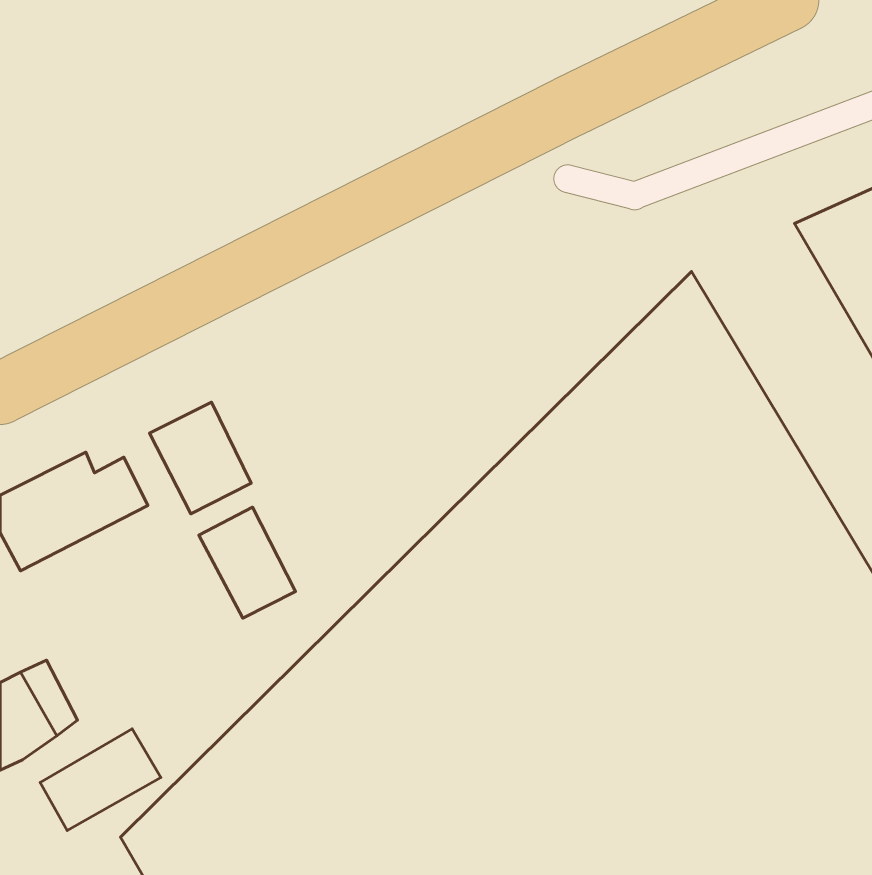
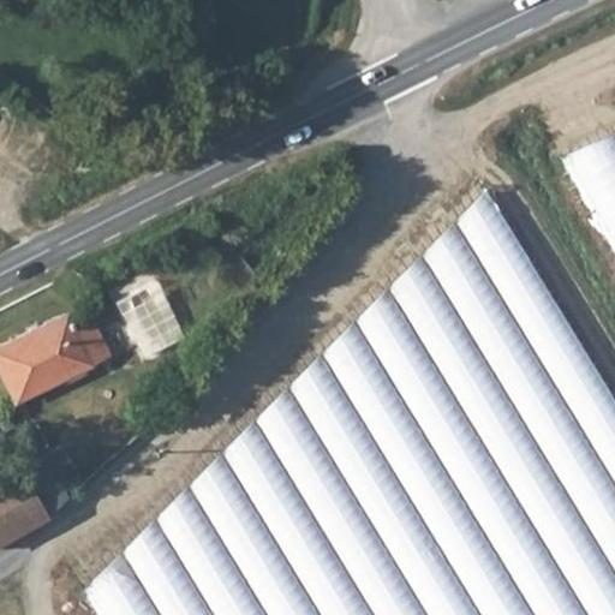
building: [199,507,296,618] -> none
building: [40,729,161,831] -> none

